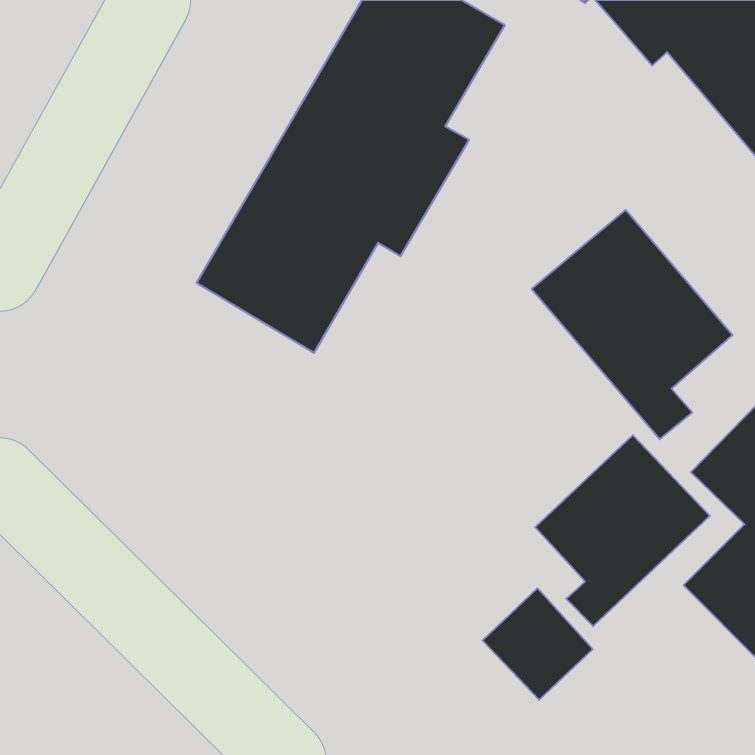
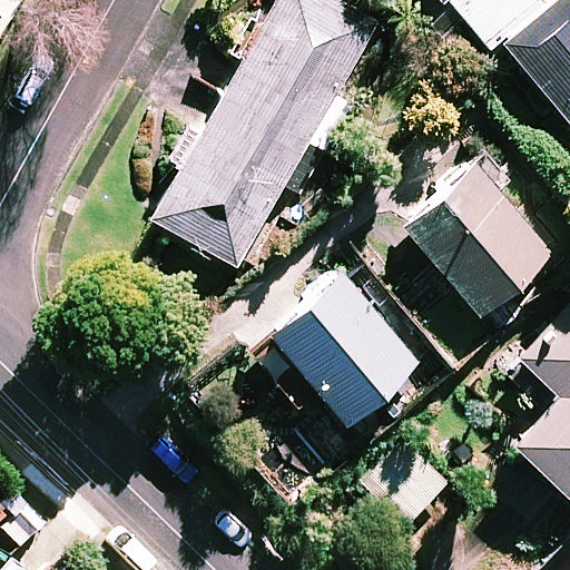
building: none -> [245,265,420,425]
building: [535,435,710,626] -> none

